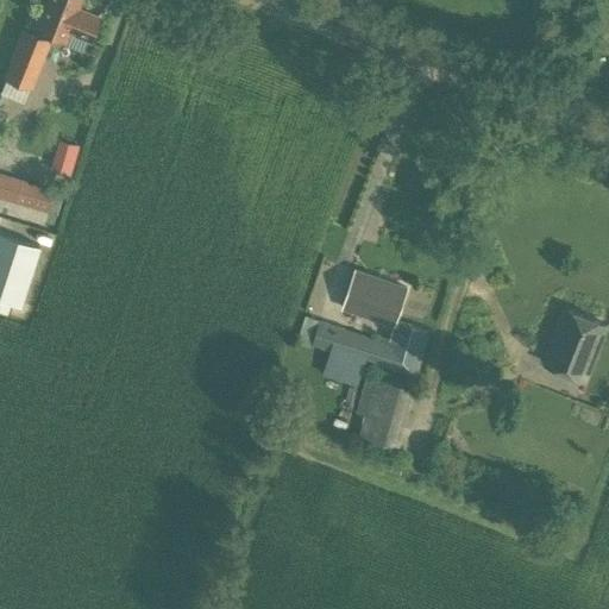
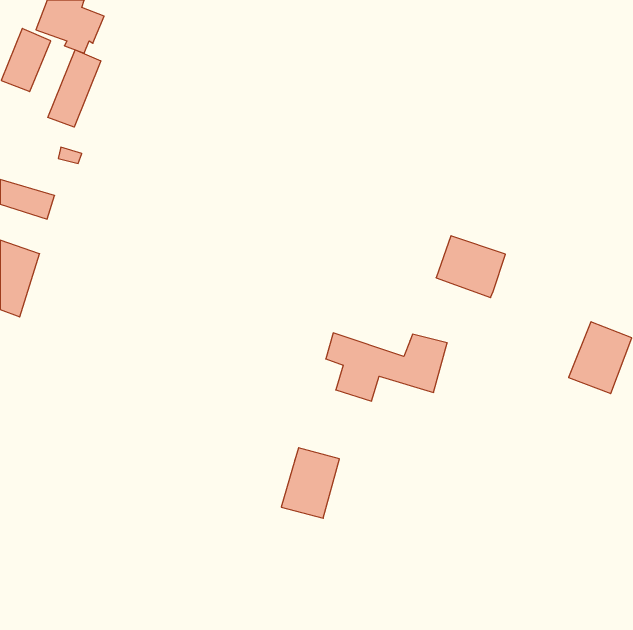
building: none -> [48,50,101,127]
building: [341,270,408,329] -> [436,236,505,298]
building: [358,381,414,448] -> [281,448,339,518]

